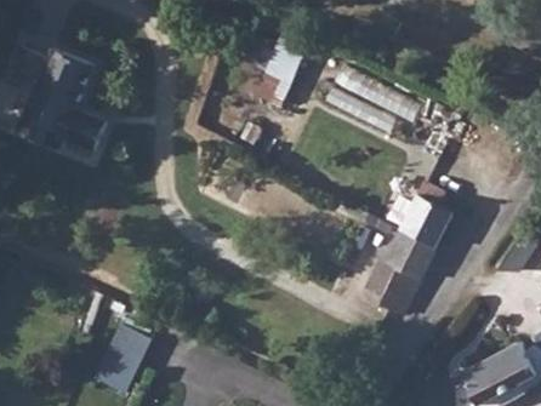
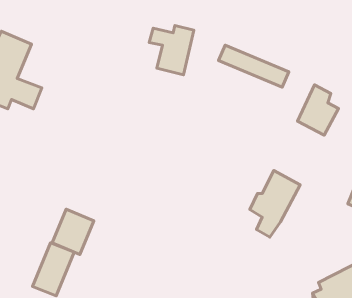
building: [402,184,454,248] -> [298,85,338,135]
building: none -> [52,209,94,255]

